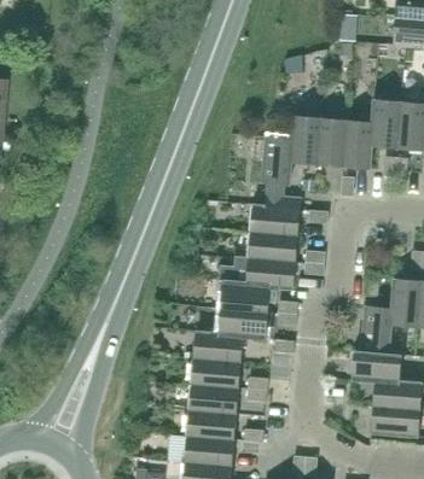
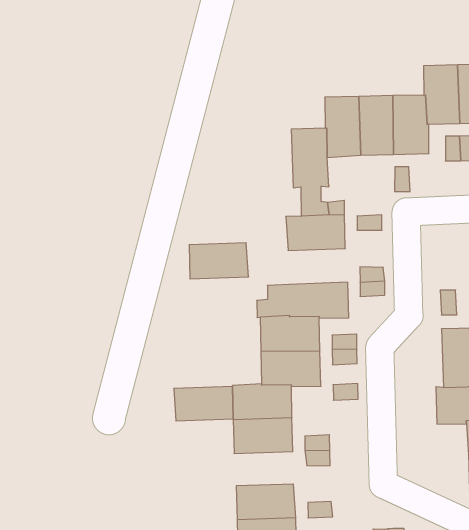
building: [249,230,296,261] -> [189,243,249,279]
building: [190,384,237,413] -> [174,386,233,421]

